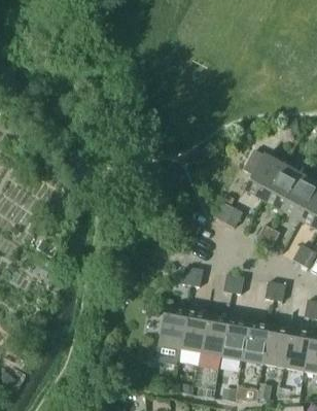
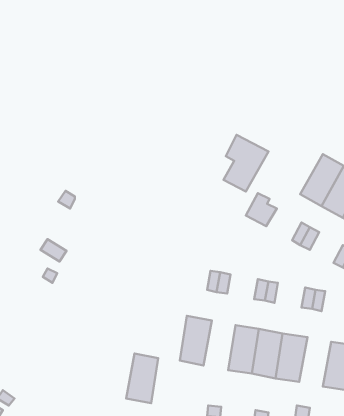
building: [245,150,284,200] -> [224,135,268,192]
building: [180,310,208,353] -> [126,354,158,403]
building: [263,324,291,368] -> none

